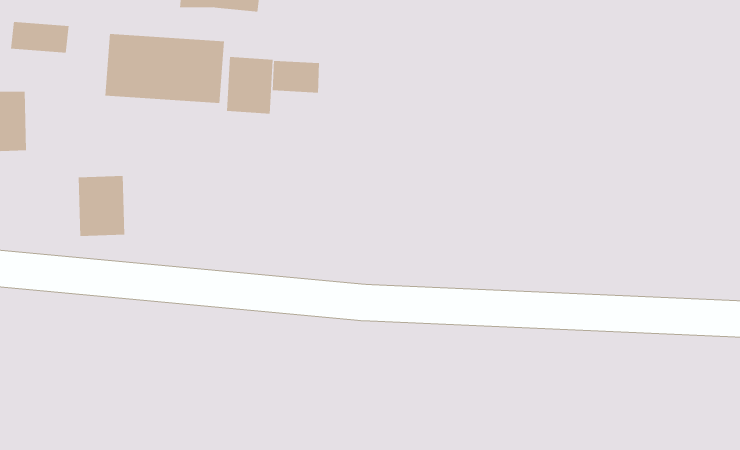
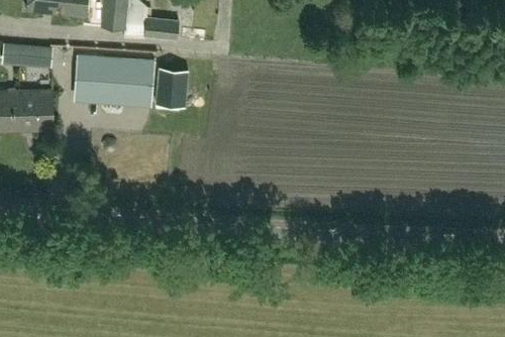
building: [272,60,319,93] -> none
building: [78,176,125,236] -> [22,91,54,131]

